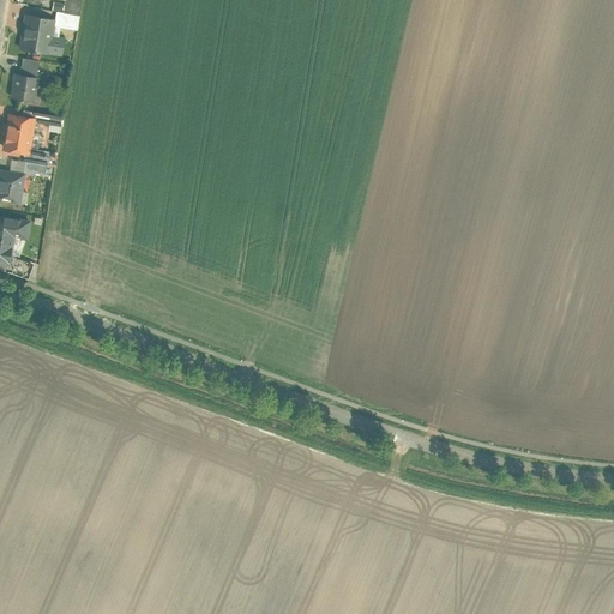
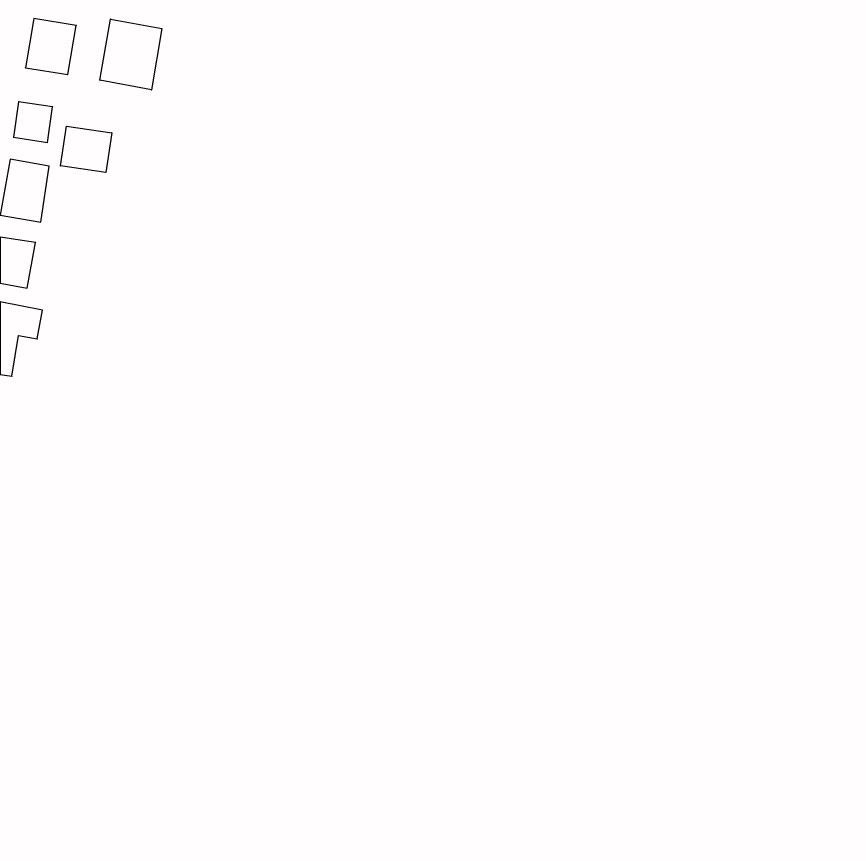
building: none -> [100,19,162,90]
building: none -> [60,126,112,172]

